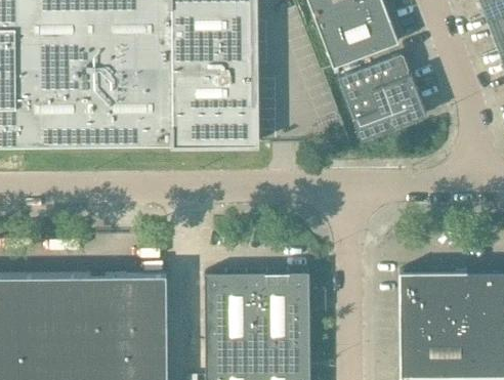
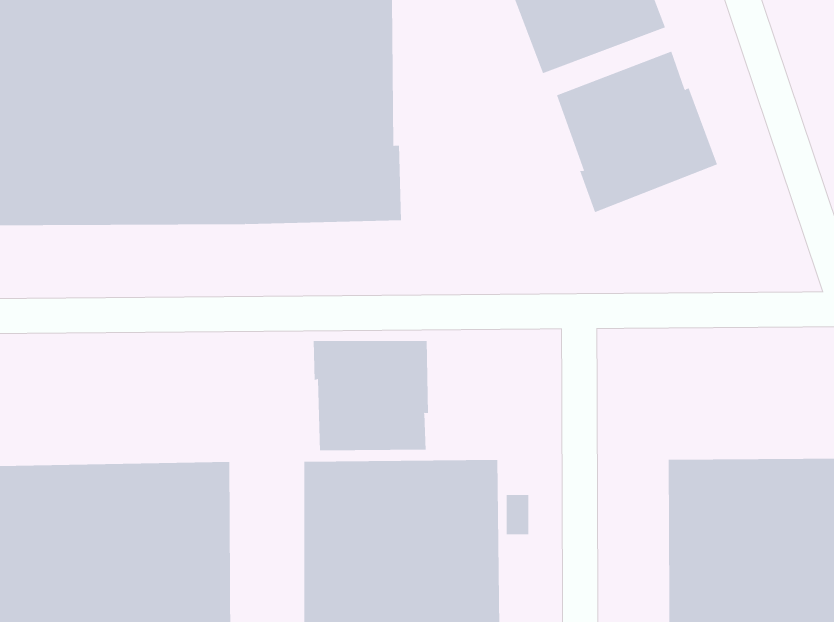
building: none -> [313,340,428,451]

